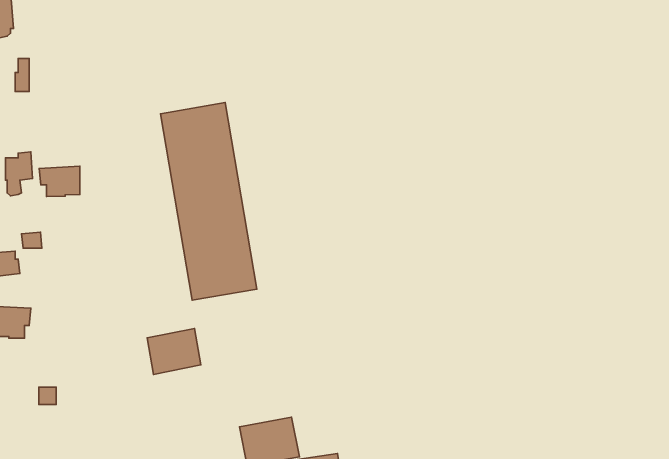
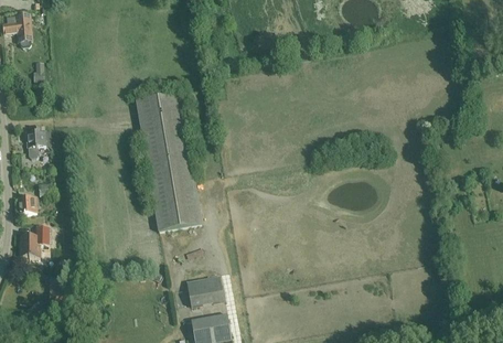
building: [39,166,80,197] -> none
building: [147,328,201,374] -> [188,275,225,307]

